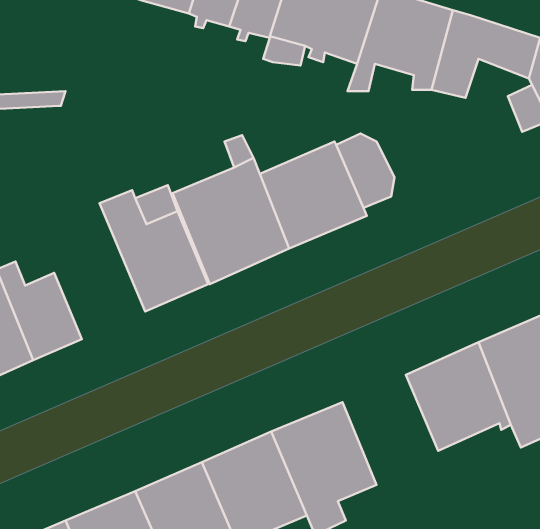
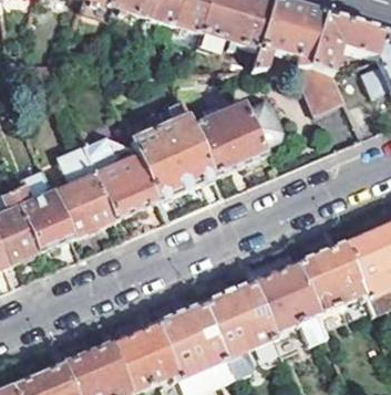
building: none -> [294,65,346,113]
building: none -> [53,144,115,237]
building: none -> [250,261,325,344]

